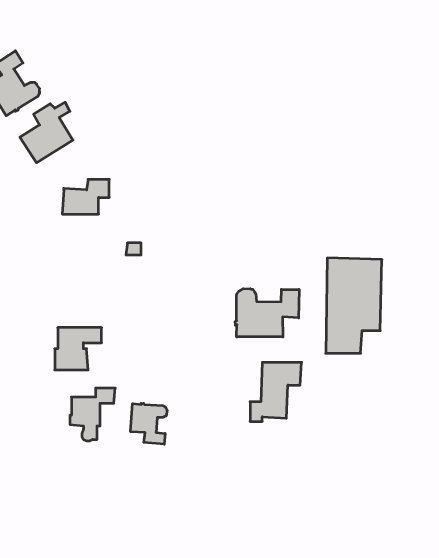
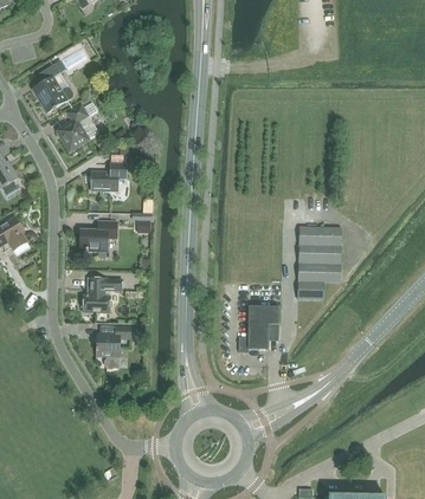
building: none -> [79,220,117,250]
building: [235,289,299,337] -> none
building: [131,403,167,444] -> none

